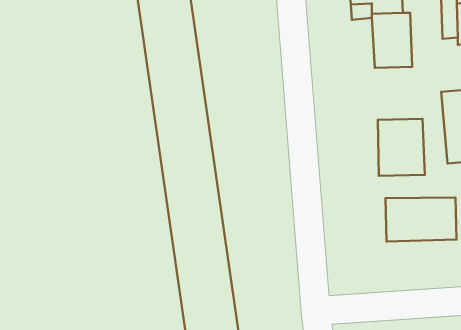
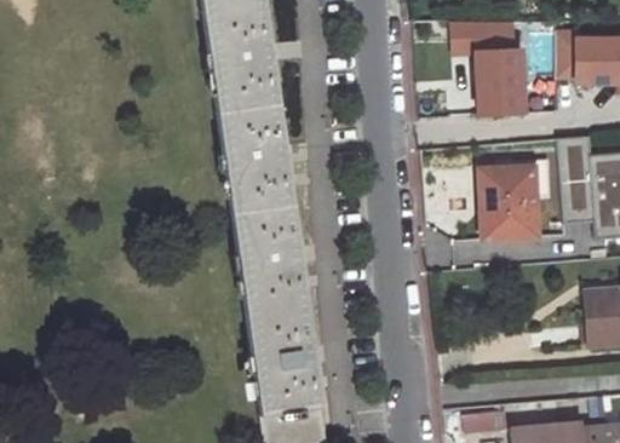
building: [385,197,456,241] -> none

